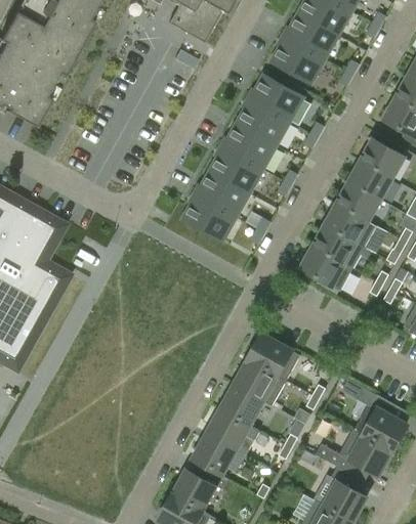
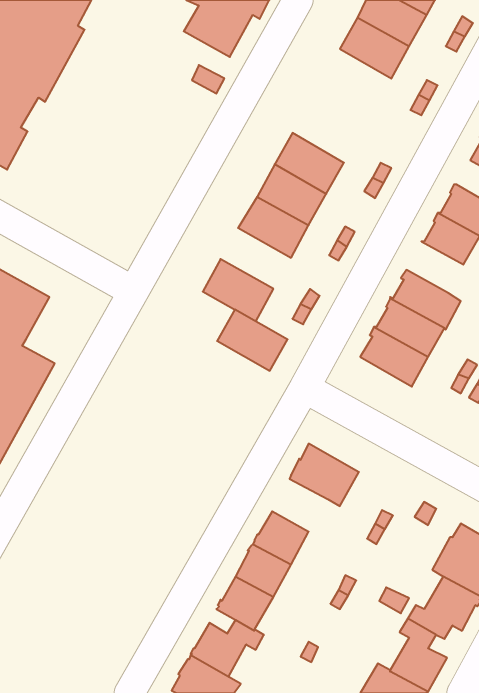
building: [271,37,324,84] -> none
building: [249,75,302,123] -> none
building: [195,172,248,218] -> [217,310,288,371]
building: [335,182,378,221] -> none
building: [234,361,276,401] -> none

